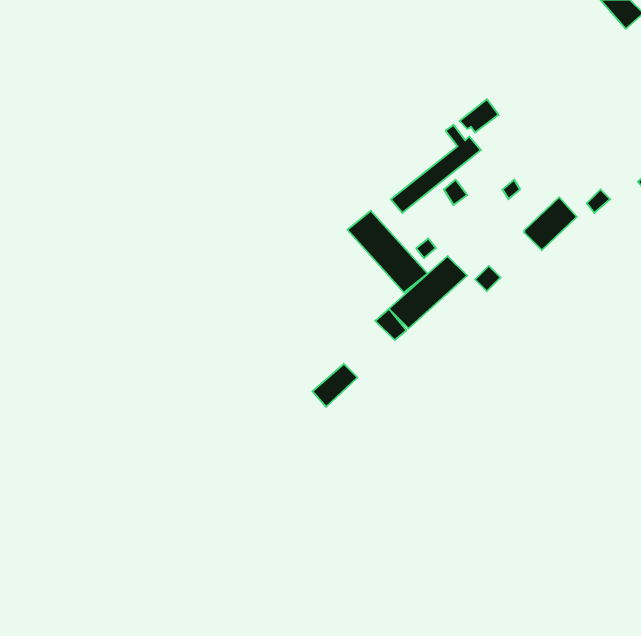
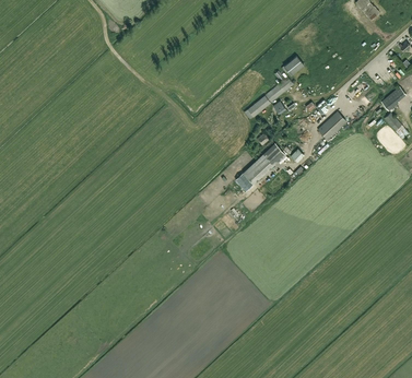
building: [347,211,427,293] -> none

